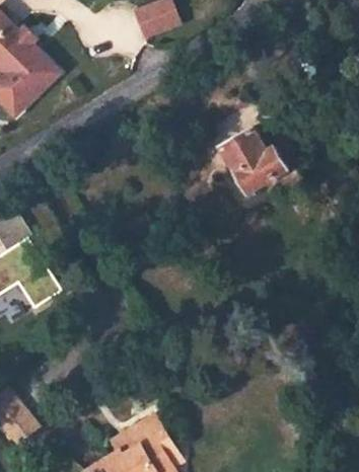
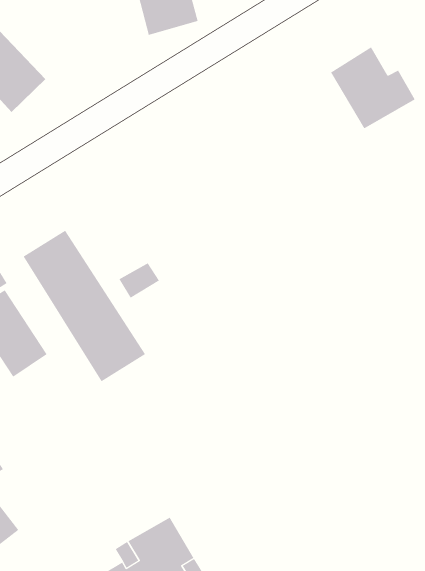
building: [222,129,289,193] -> [330,47,415,129]
building: none -> [23,230,146,382]

